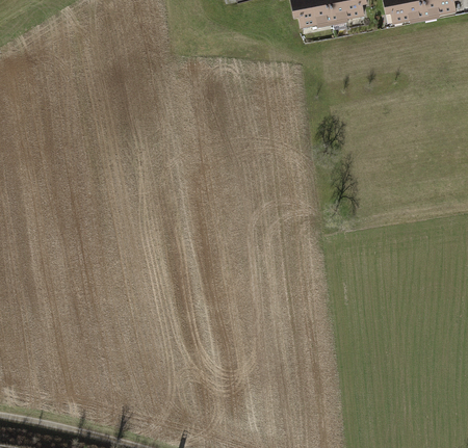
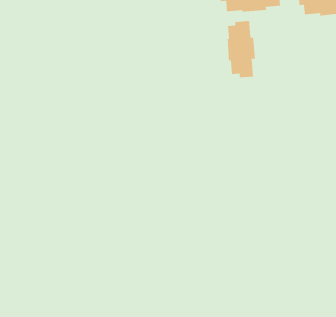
building: none -> [227,20,256,78]

